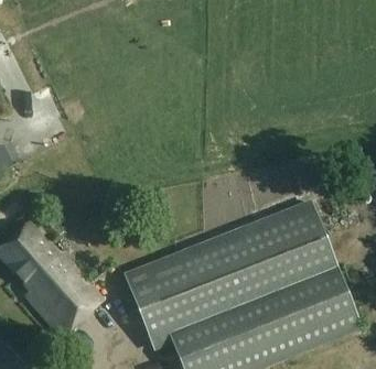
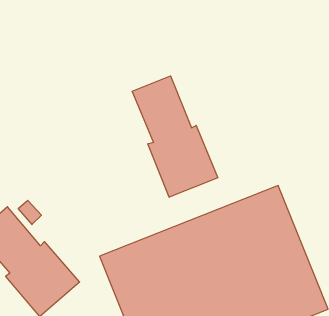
building: none -> [132,76,218,197]

